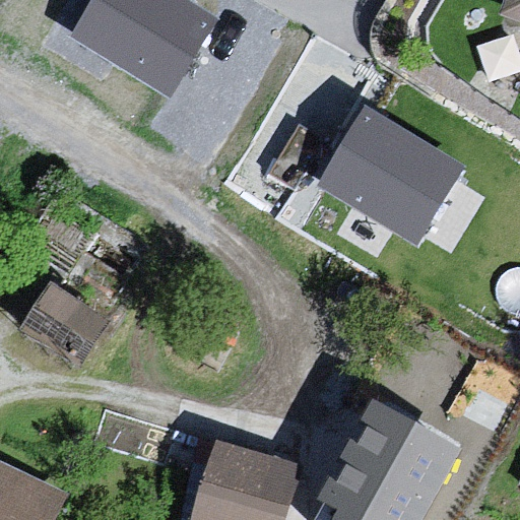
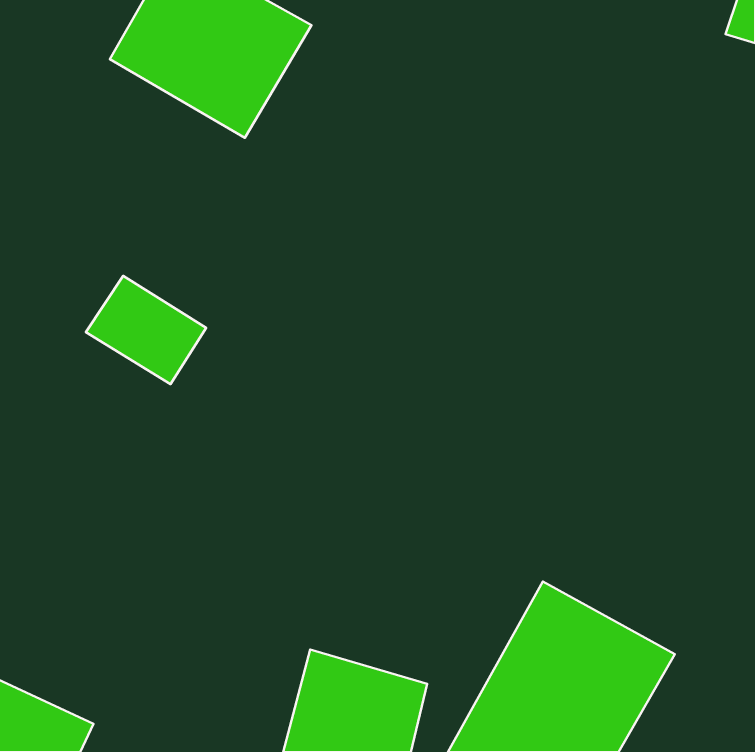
building: [318,109,464,246] -> none
building: [24,273,107,347] -> [86,276,206,384]

